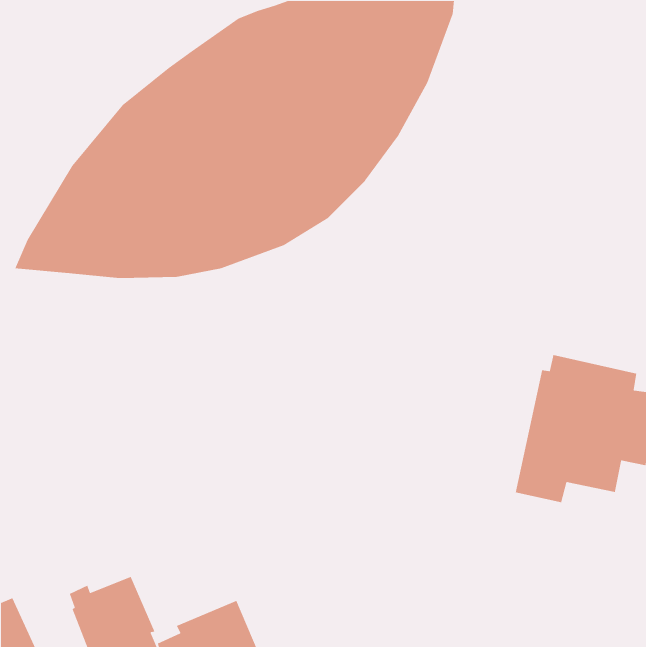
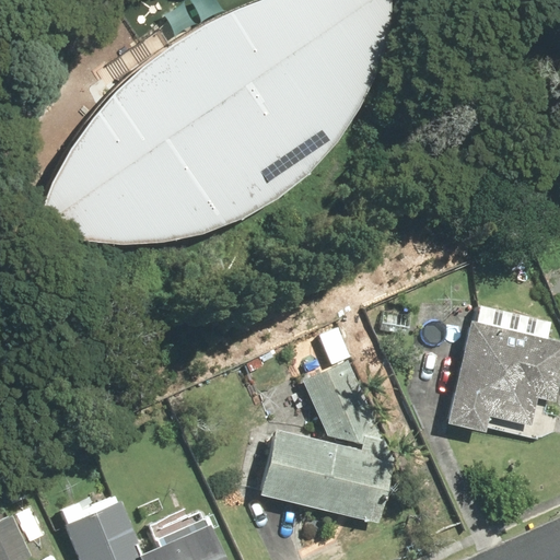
building: none -> [258,361,395,524]

